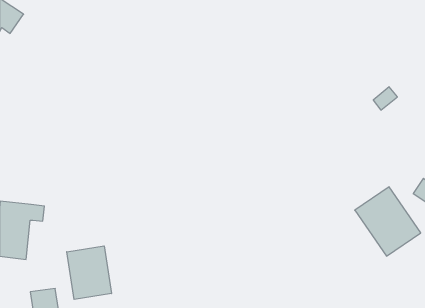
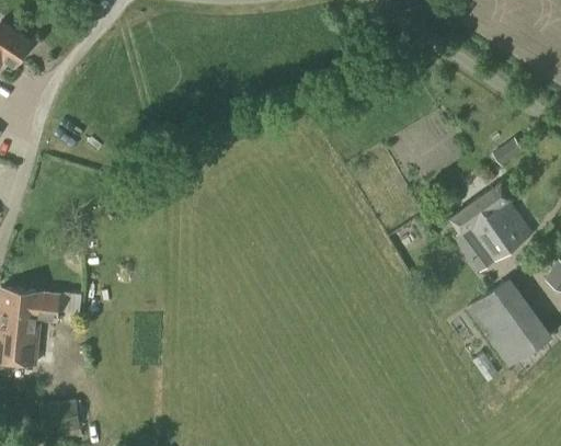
building: none -> [449,184,530,273]
building: [67,246,111,299] -> none

